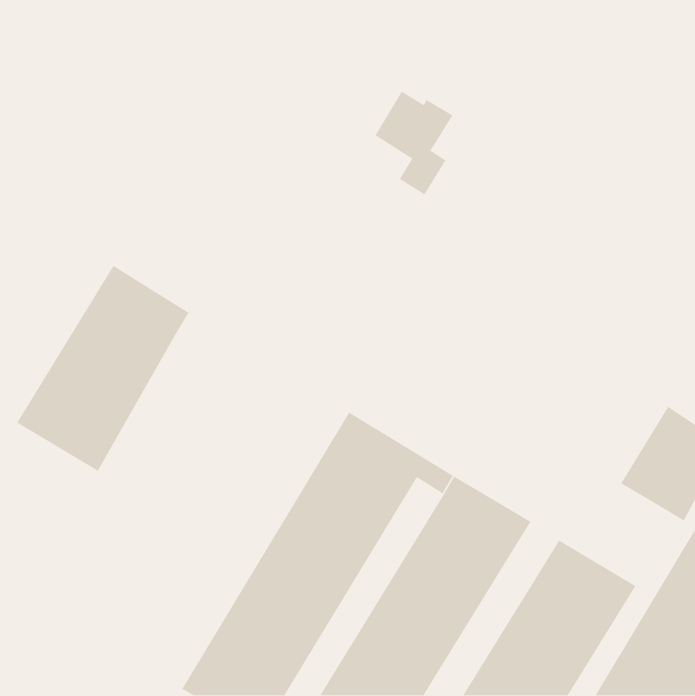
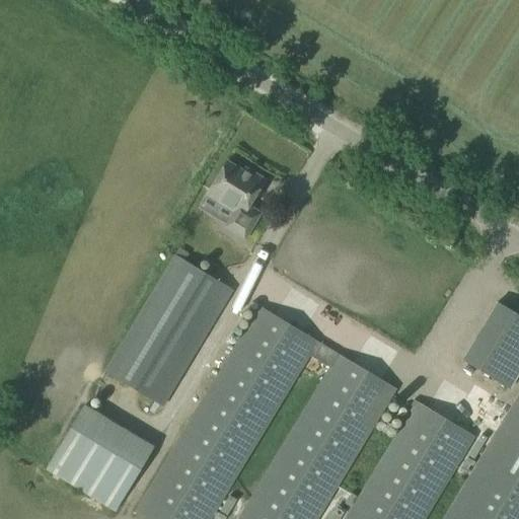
building: [374,91,453,195] -> [207,161,266,239]
building: [16,265,189,472] -> [103,254,232,409]
building: none -> [46,403,155,510]

